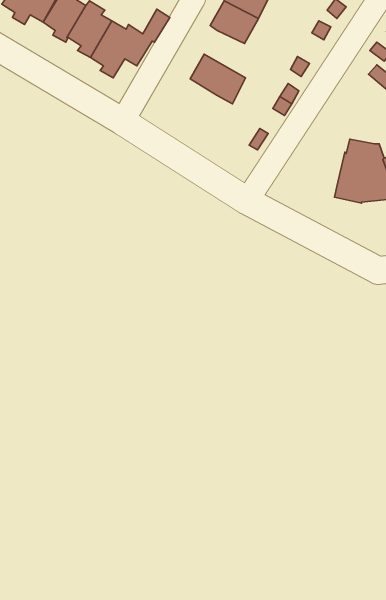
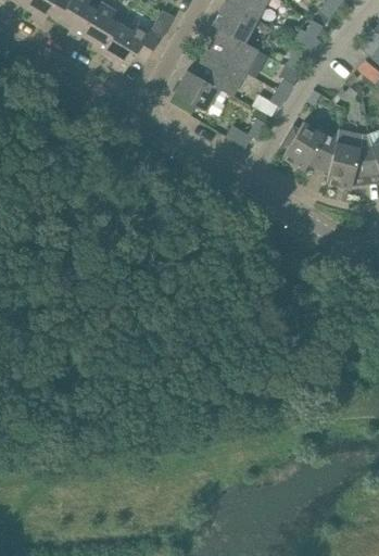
building: none -> [207,28,258,72]
building: none -> [175,70,219,111]
building: none -> [280,121,341,172]

